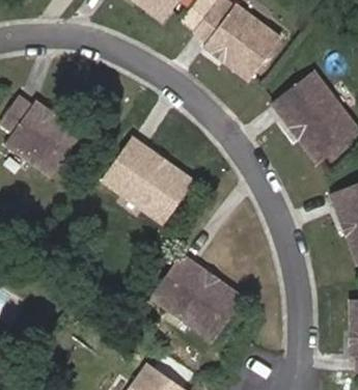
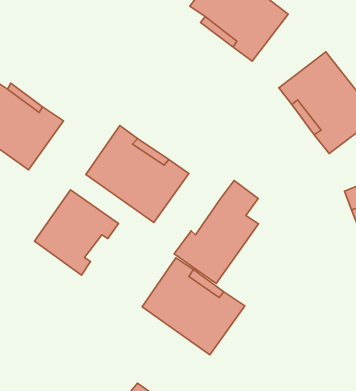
building: none -> [174,181,258,284]
building: none -> [34,190,119,275]

